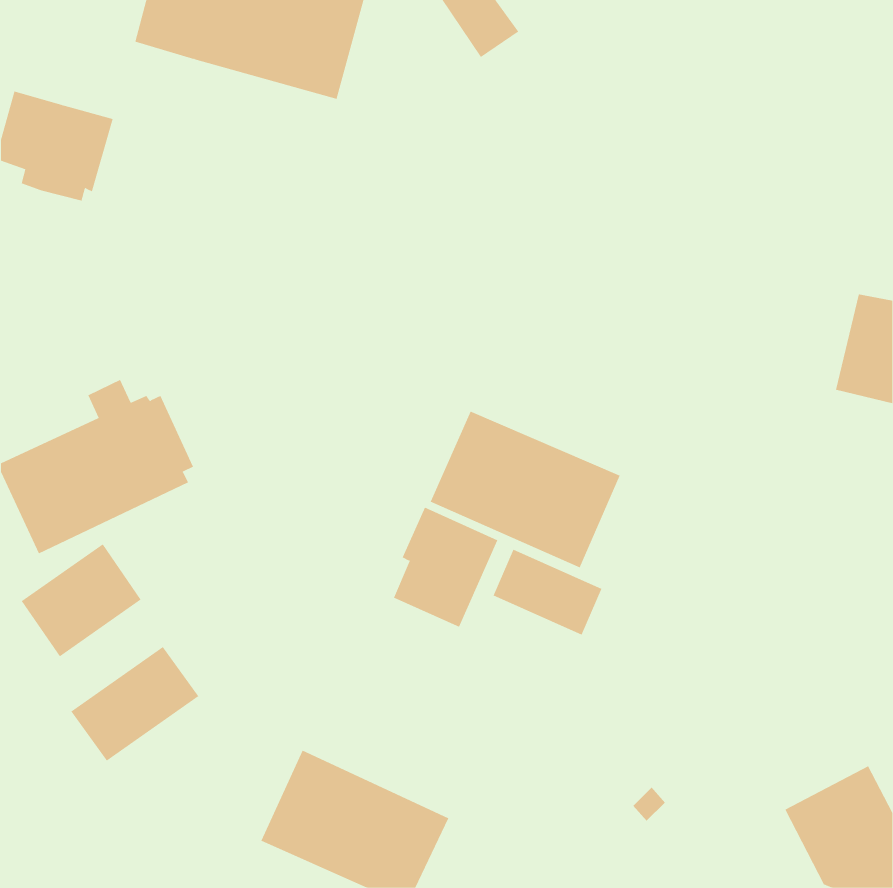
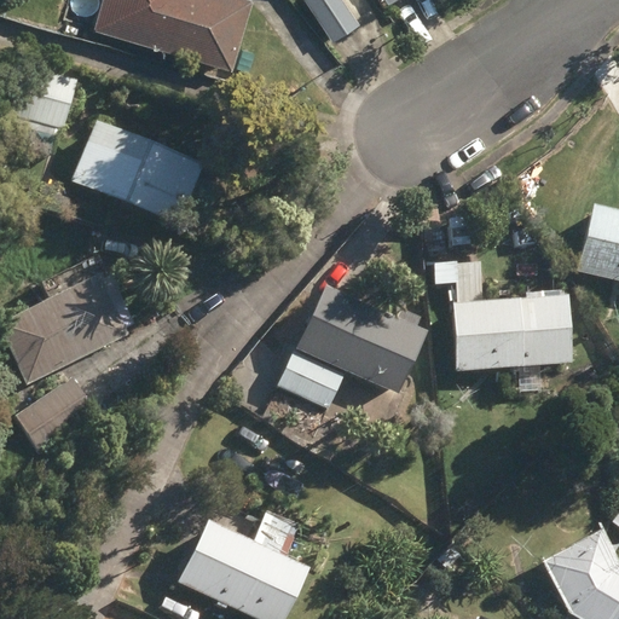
building: none -> [71,125,219,231]
building: none -> [452,260,573,369]
building: [493,549,602,636] -> none
building: [71,646,199,761] -> none

